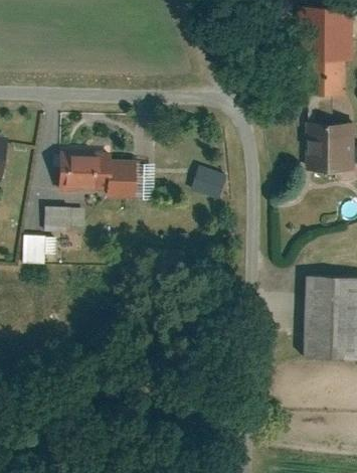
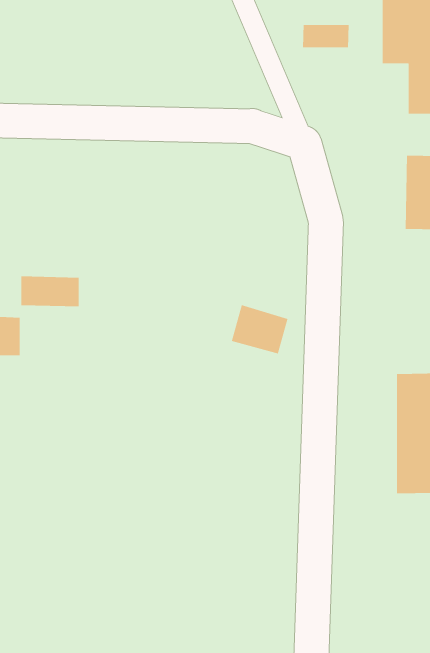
building: none -> [302,24,349,48]
building: [61,155,142,201] -> none
building: [186,162,226,197] -> [231,304,289,354]

